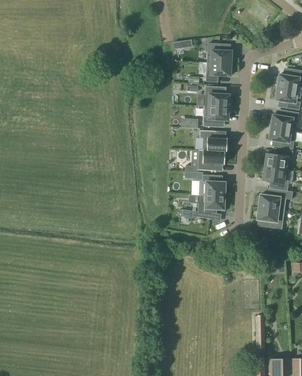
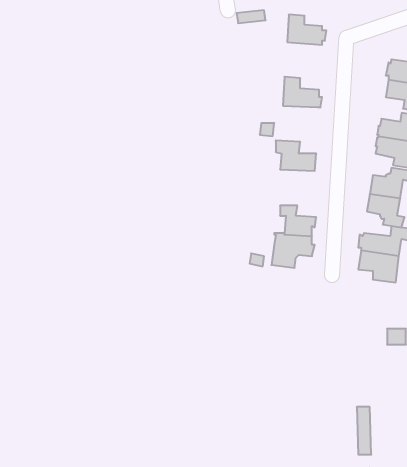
building: [206,62,233,82] -> none
building: [203,106,230,127] -> none
building: [184,150,224,172] -> none

